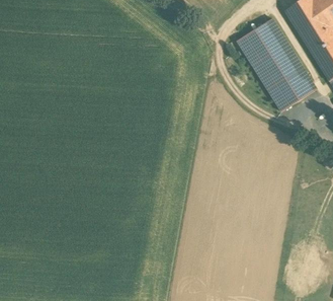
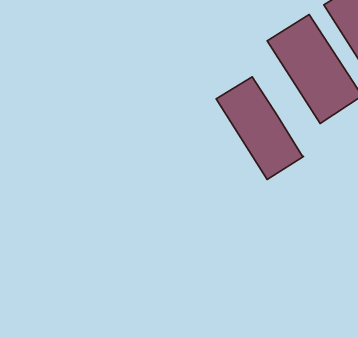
building: none -> [216,77,303,180]

